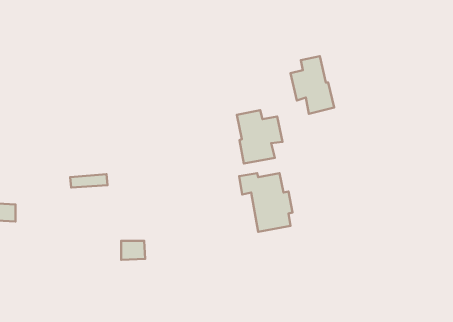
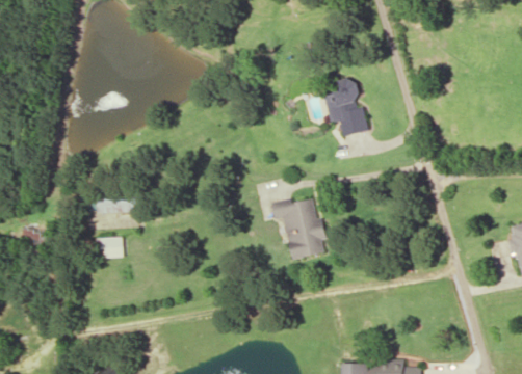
building: [237,110,283,164] -> none
building: [121,241,145,260] -> [98,238,123,258]

